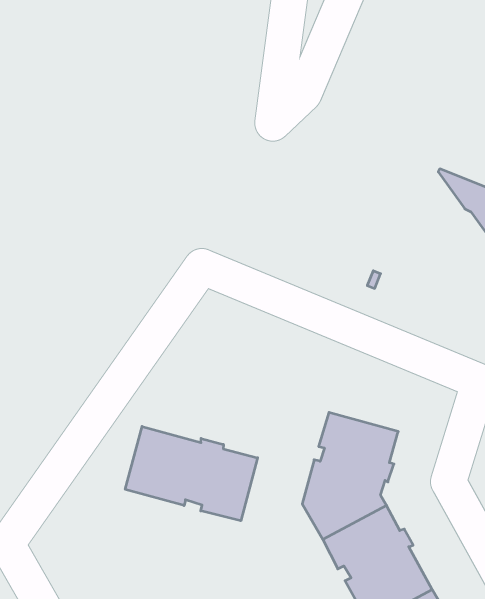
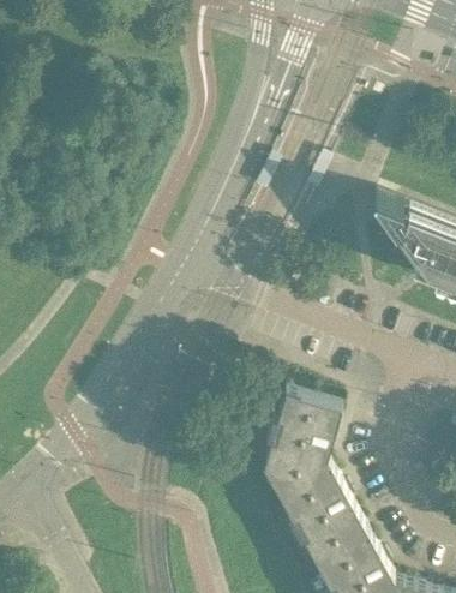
building: [125,426,258,521] -> none

